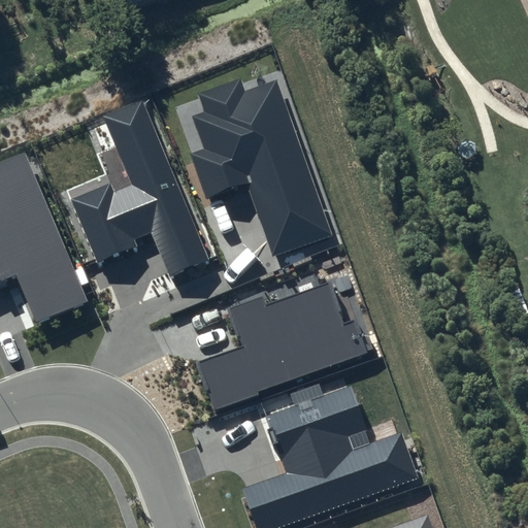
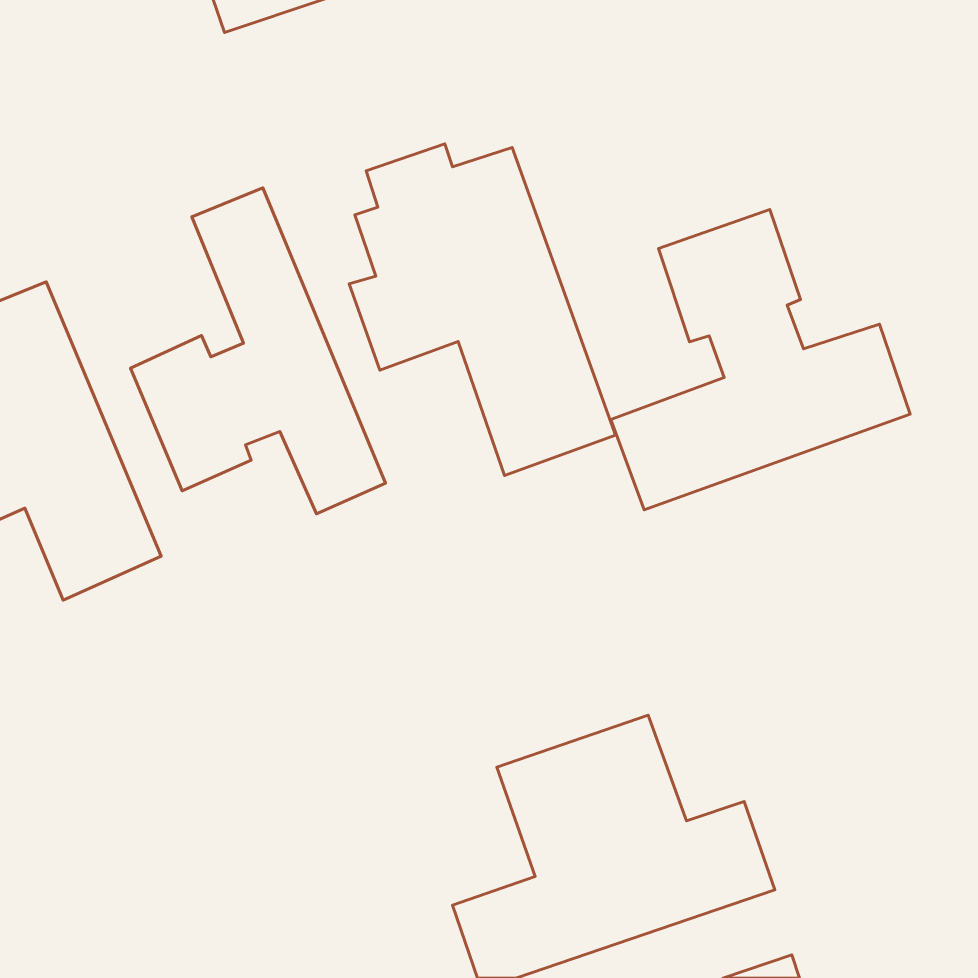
building: none -> [611,209,910,510]
building: [197,282,368,409] -> none

